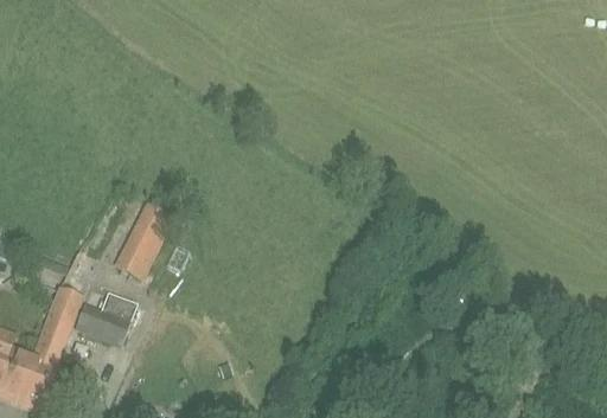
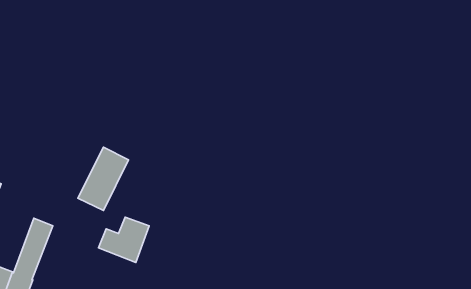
building: [74,292,136,348] -> [98,217,149,262]

